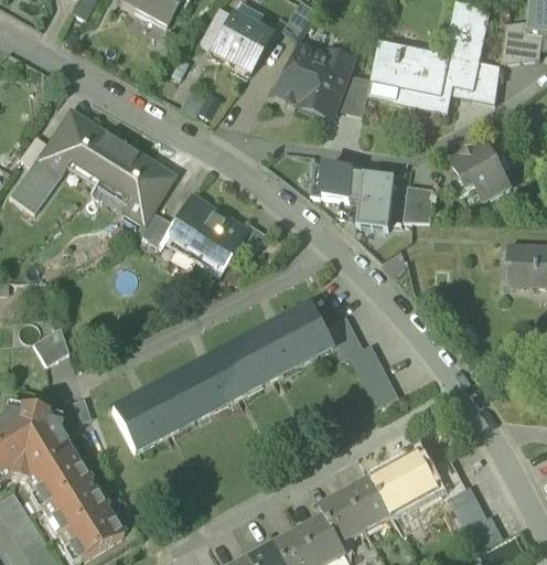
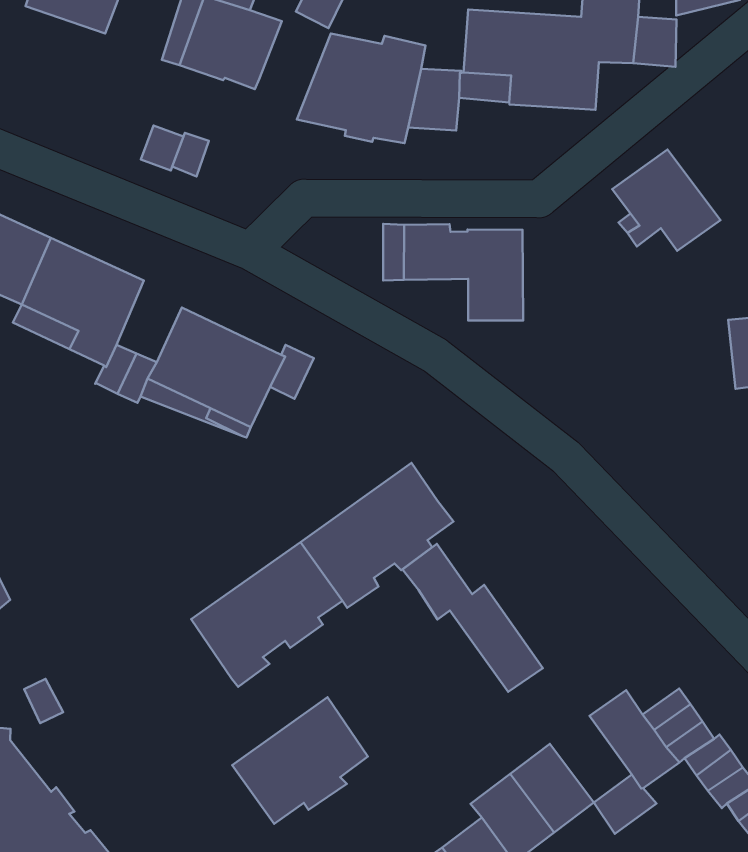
building: [405,183,435,220] -> none
building: [325,313,399,405] -> [402,544,543,692]
building: [112,375,192,445] -> [232,697,368,824]
building: [372,462,417,513] -> none

